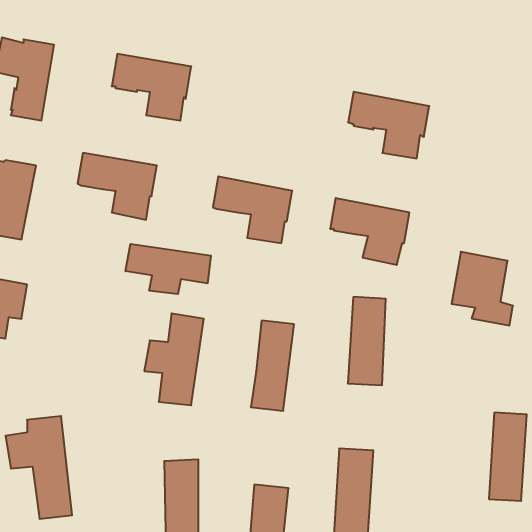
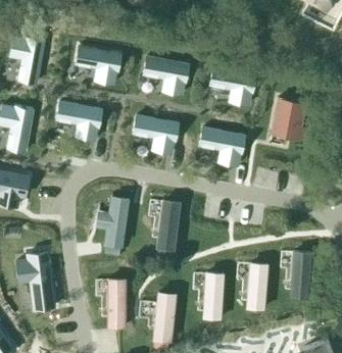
building: none -> [143,57,189,95]
building: [126,244,211,294] -> none
building: [452,252,513,326] -> [273,99,307,141]
building: [348,297,386,385] -> [245,261,266,311]

